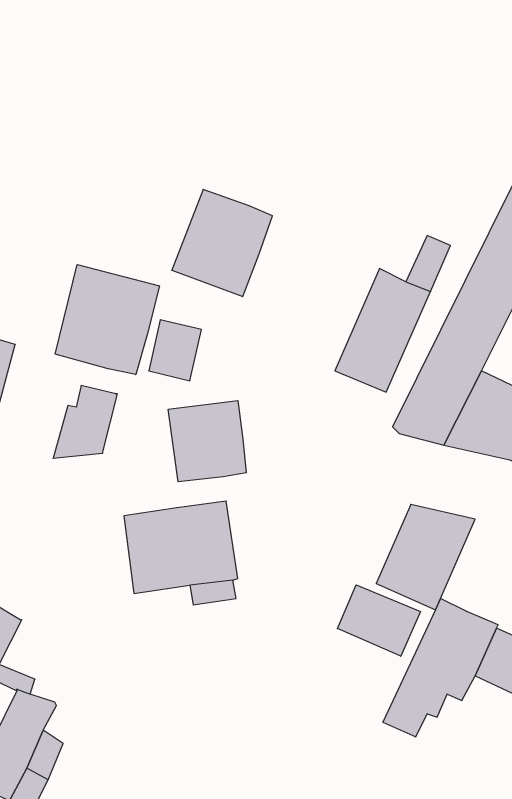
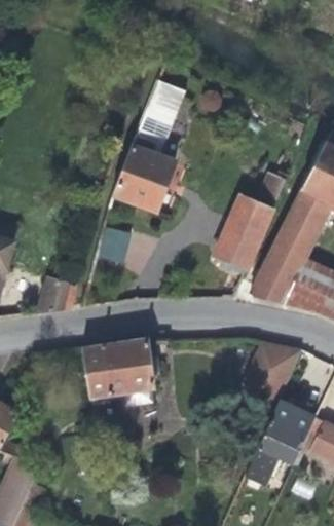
building: none -> [132,78,183,154]
building: [55,265,159,375] -> none
building: [168,401,246,482] -> none
building: [337,585,421,656] -> none

